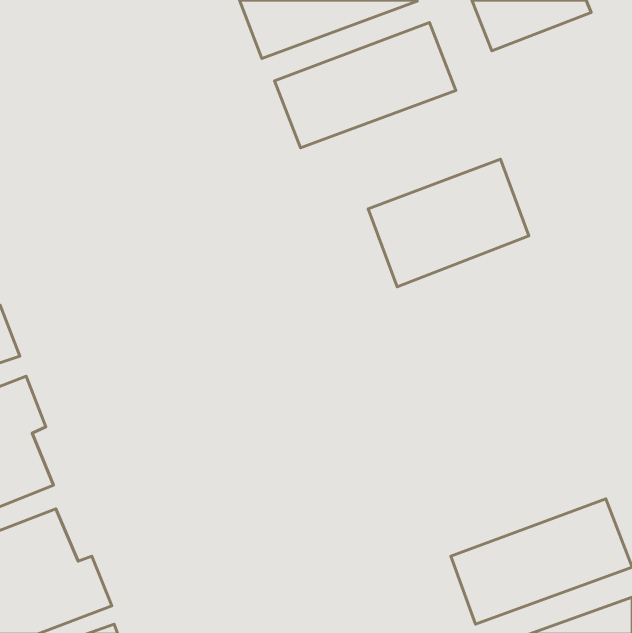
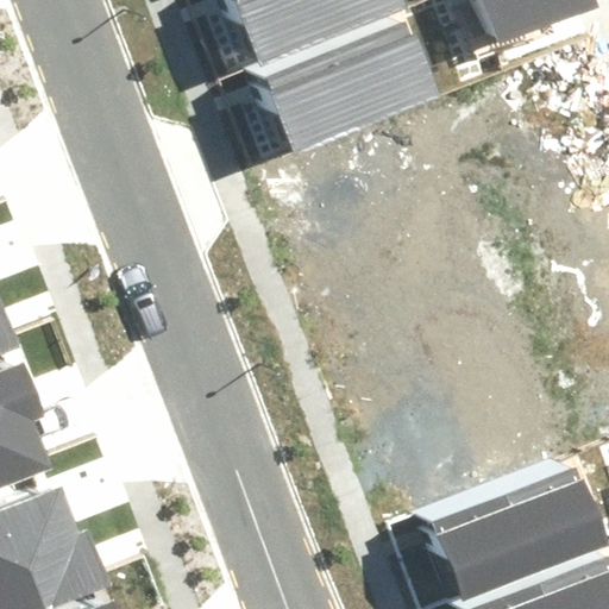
building: [368,159,529,287] -> none

